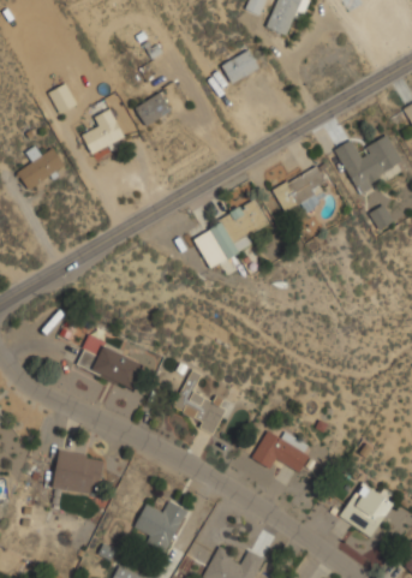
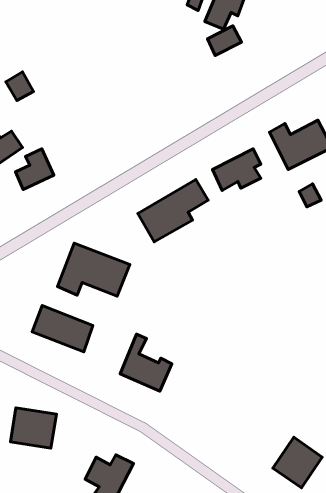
building: [222,49,259,82] -> [207,26,241,55]
building: [136,93,172,125] -> none
building: [83,108,125,153] -> [16,149,54,189]
building: none -> [58,243,130,296]
building: [252,430,312,472] -> none

